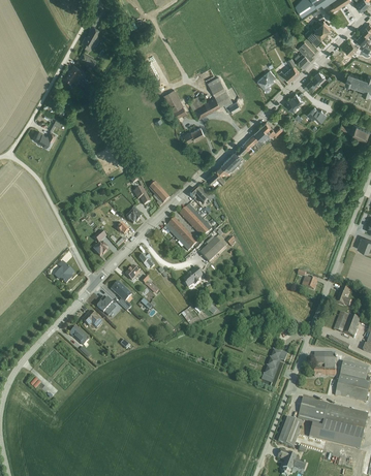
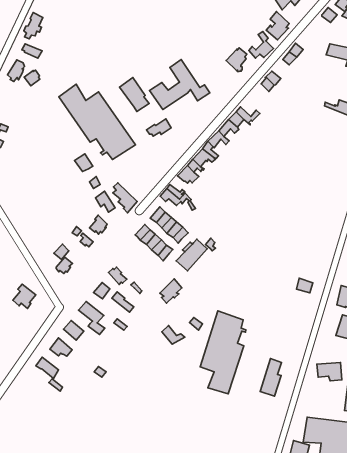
building: none -> [59,84,135,159]
building: none -> [200,311,246,394]

